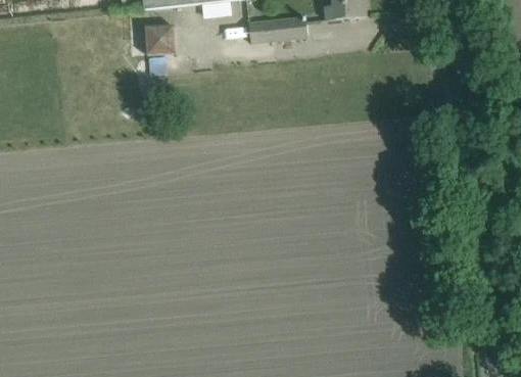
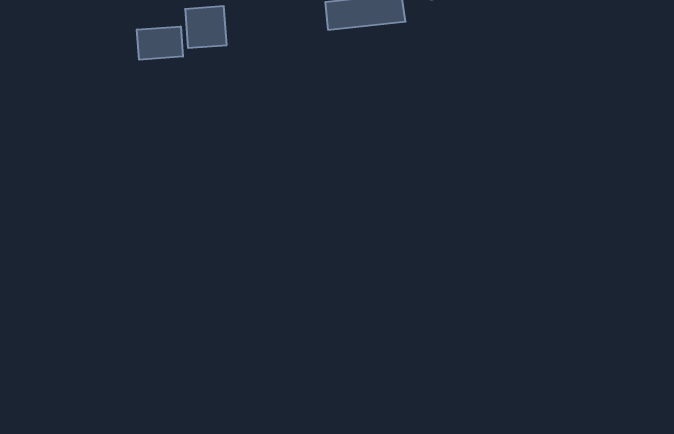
building: none -> [137,26,183,60]

